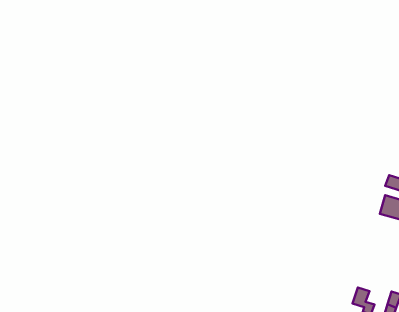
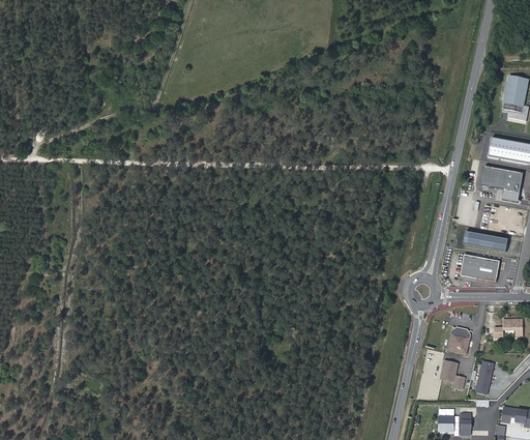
building: none -> [447,327,471,355]

